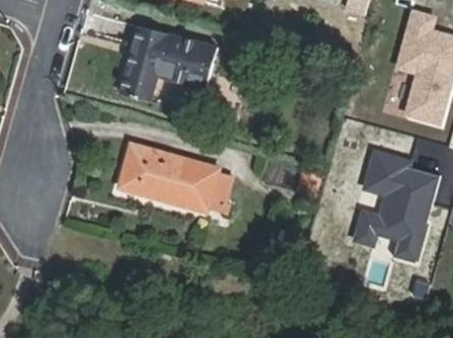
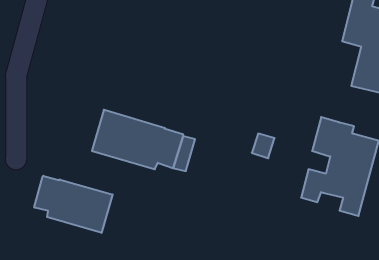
building: [121,26,216,100] -> none
building: none -> [34,176,113,233]

